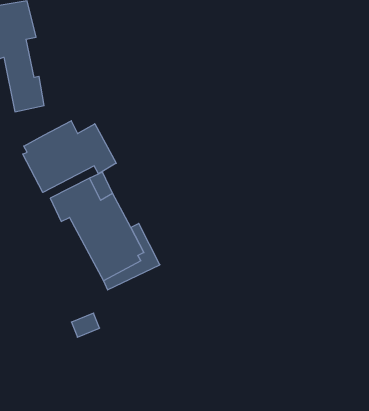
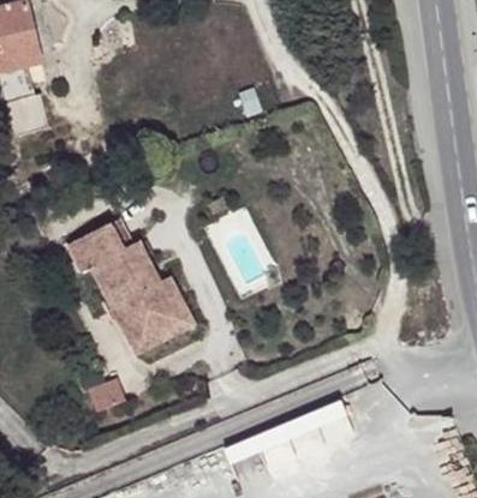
building: [23,121,116,192] -> none

